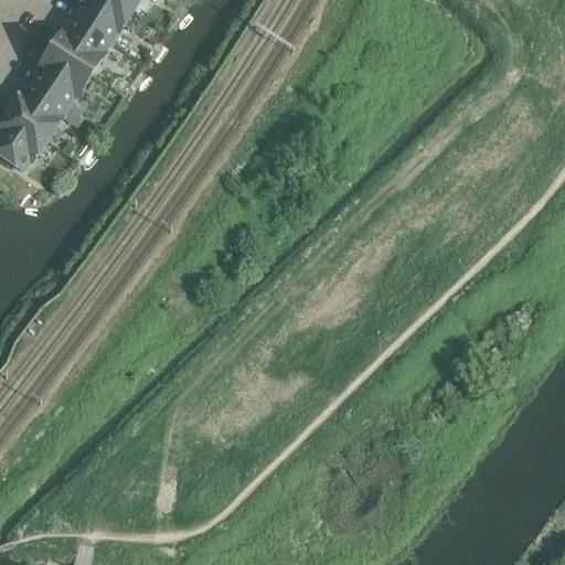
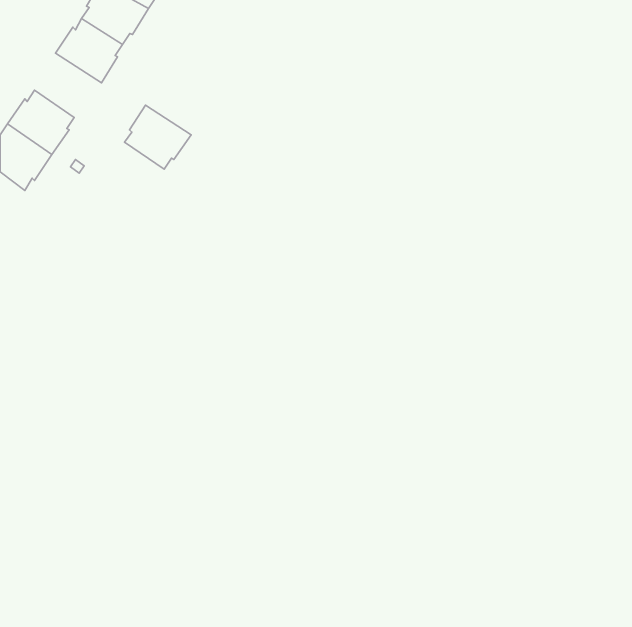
building: [31,47,90,105] -> [124,105,191,169]

